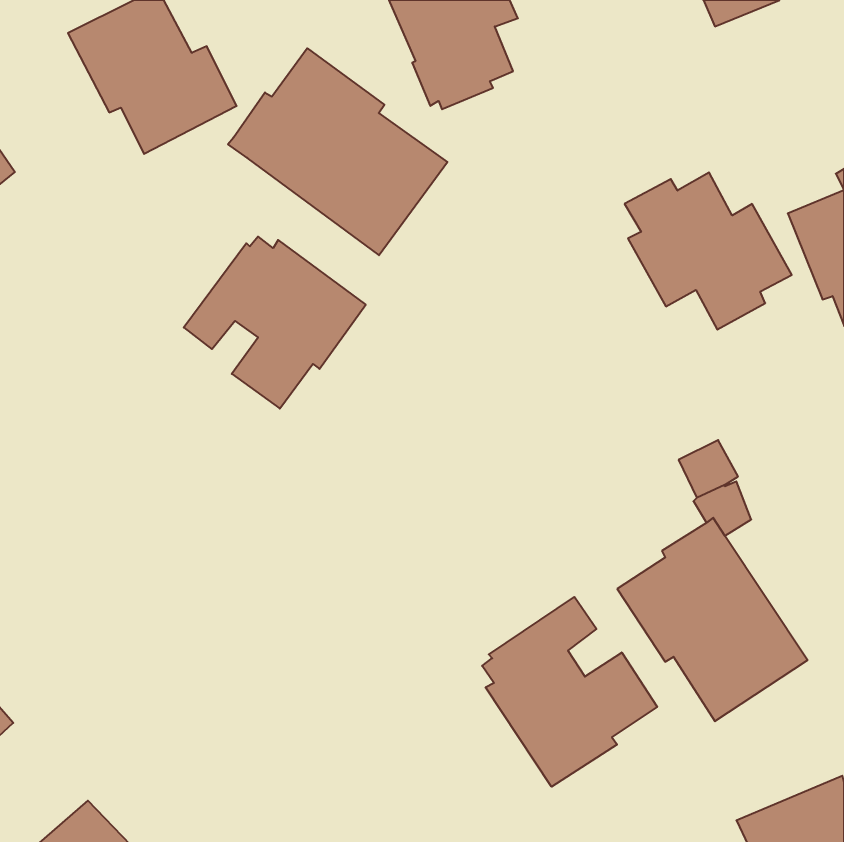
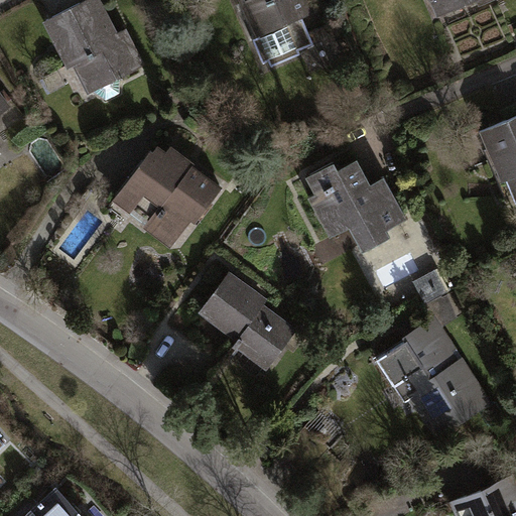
building: [228,48,447,255] -> none
building: [625,172,792,330] -> [305,158,407,254]
building: none -> [199,272,297,372]
building: [482,597,657,787] -> none

